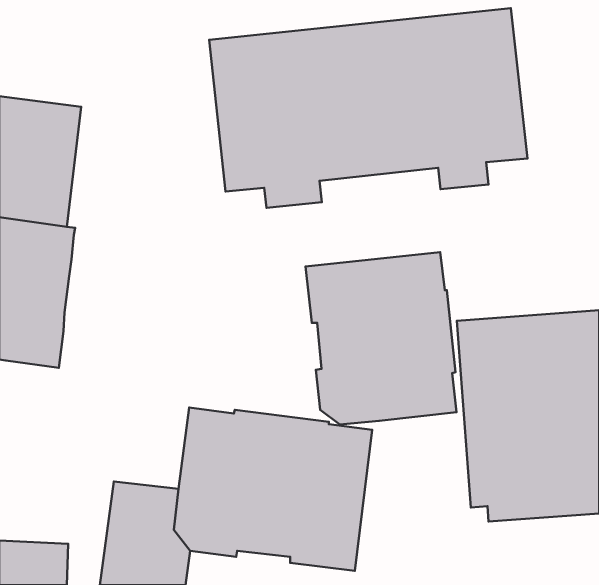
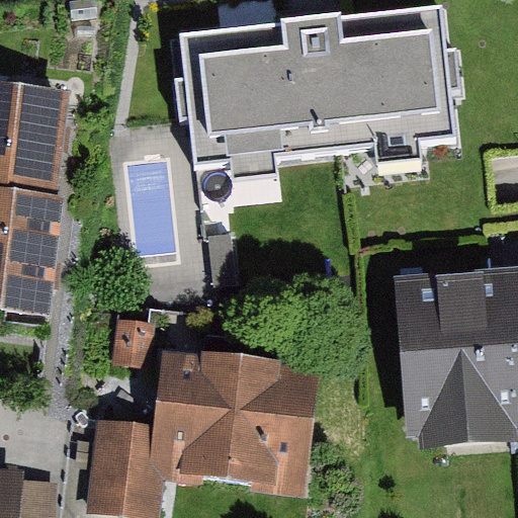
building: [306,252,457,424] -> none

